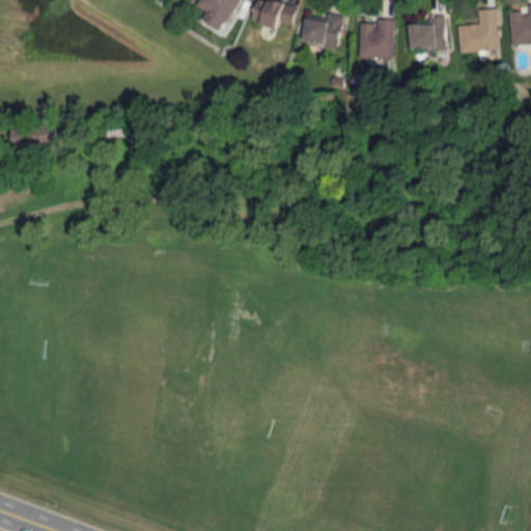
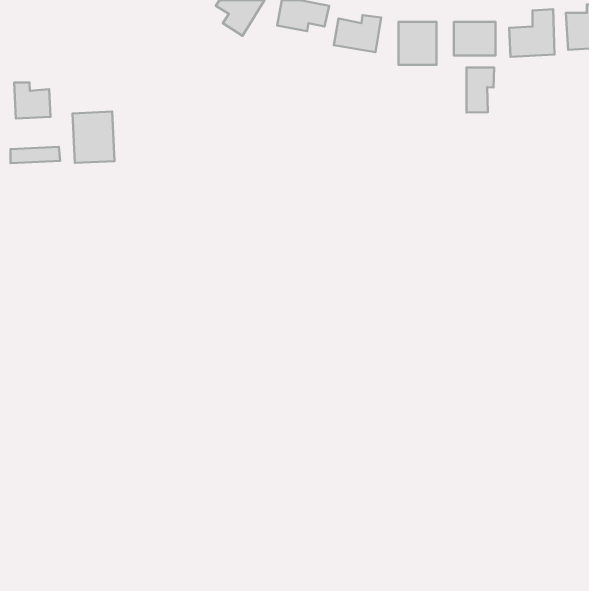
building: none -> [466,68,494,112]
building: none -> [14,82,50,118]
building: none -> [72,112,114,163]

